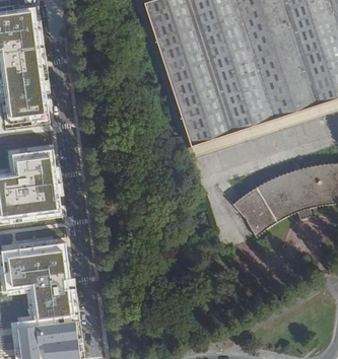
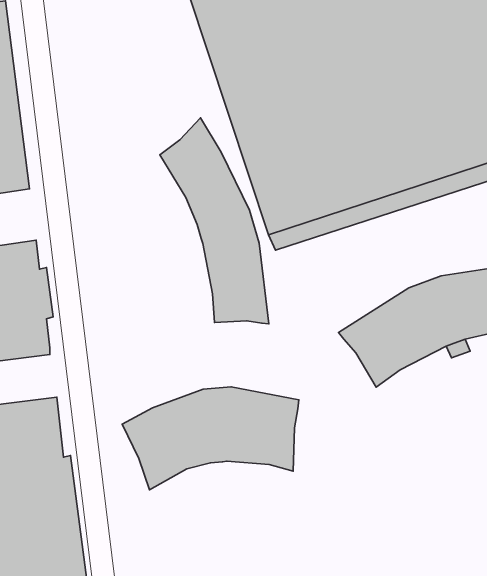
building: none -> [160,118,269,324]
building: none -> [122,387,299,490]

